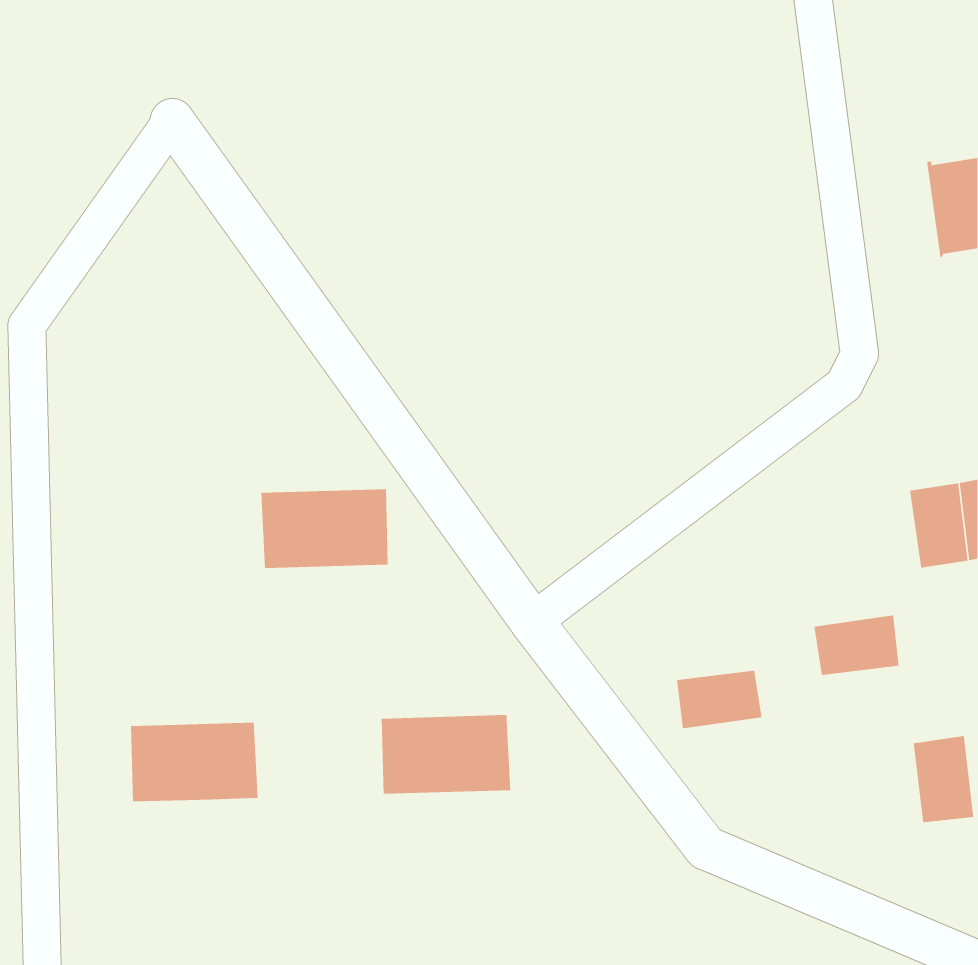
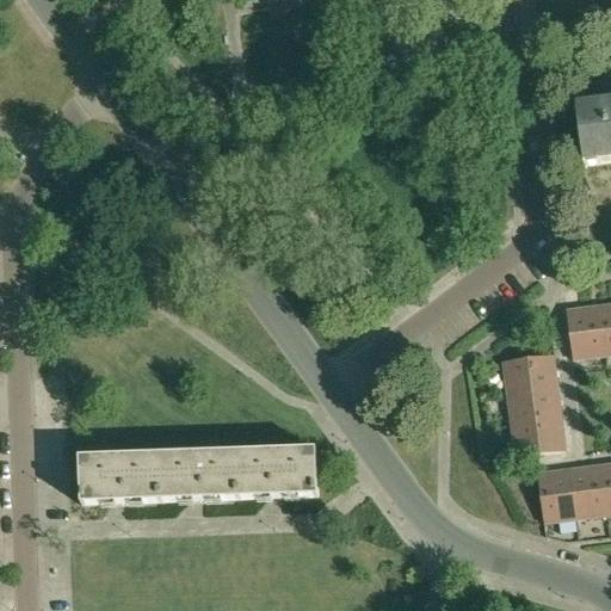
building: [260,488,389,569] -> [159,448,239,498]
building: none -> [502,351,557,390]
building: [676,670,762,729] -> [512,415,566,452]
building: none -> [537,463,575,517]

